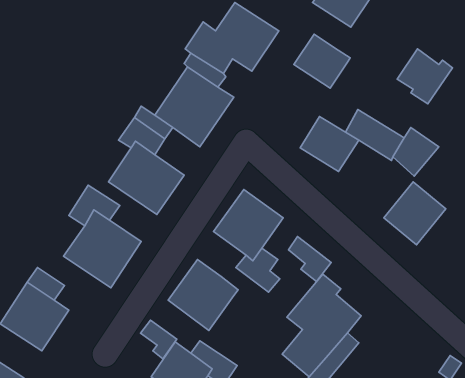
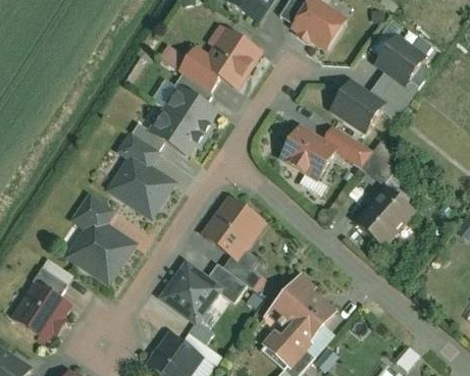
building: none -> [378,37,424,83]
building: [294,34,350,88] -> [331,84,382,132]
building: [288,236,331,282] -> [209,262,248,303]
building: [140,320,177,359] -> none

